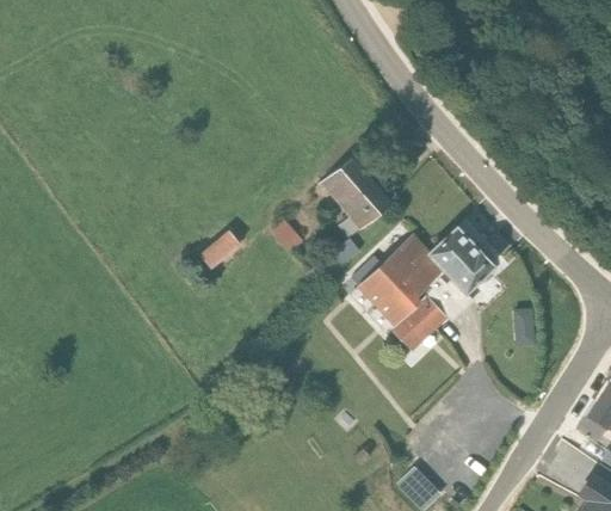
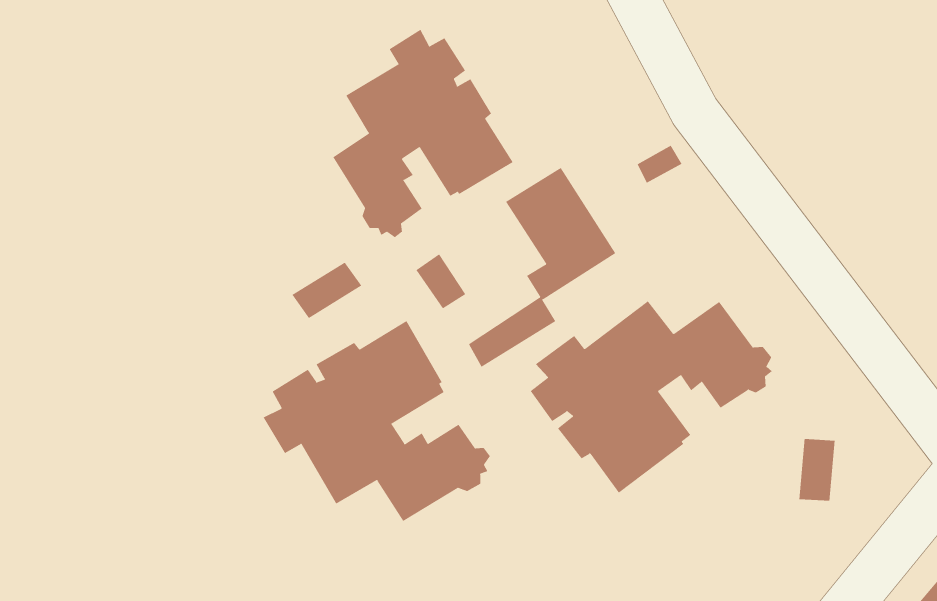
building: none -> [332,29,513,238]
building: none -> [263,320,490,522]

